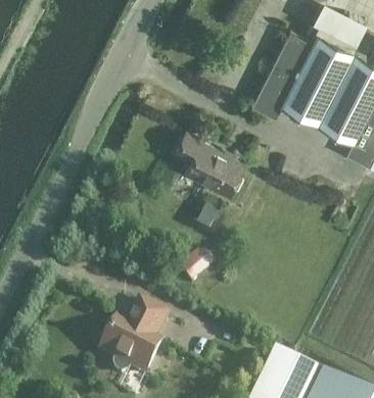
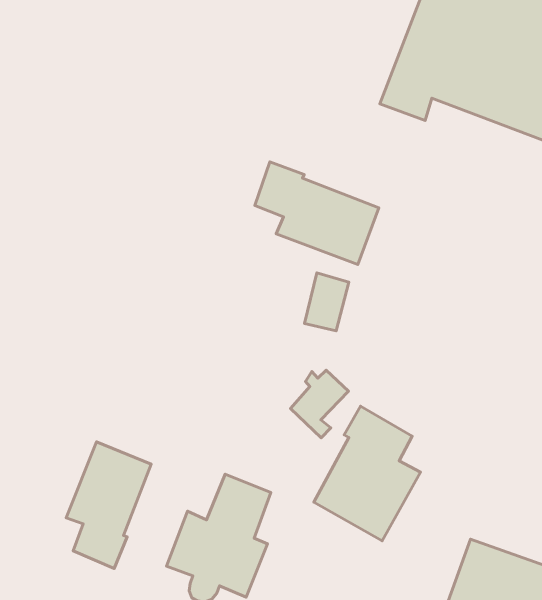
building: none -> [314,406,421,541]
building: none -> [66,442,151,568]

